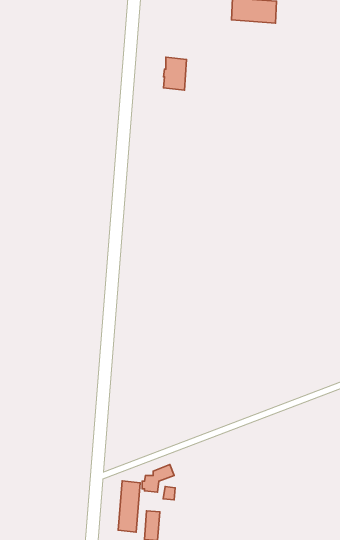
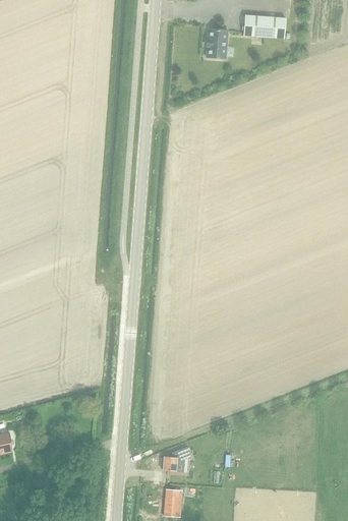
building: [164,57,187,90] -> [206,27,227,58]
building: [118,481,140,532] -> none

